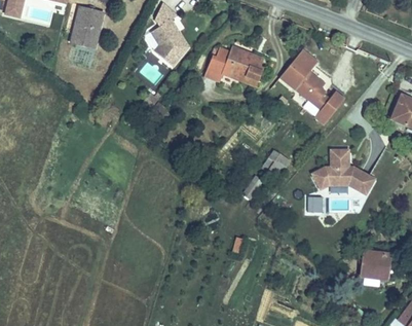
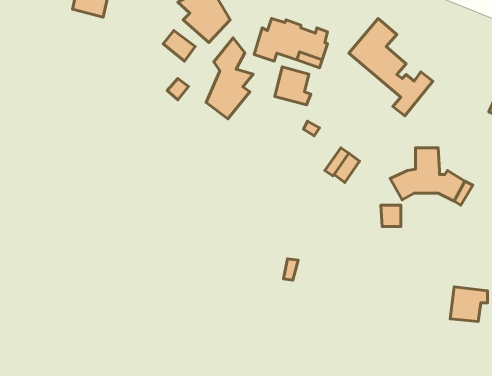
building: none -> [206,38,253,119]
building: none -> [275,67,311,105]

